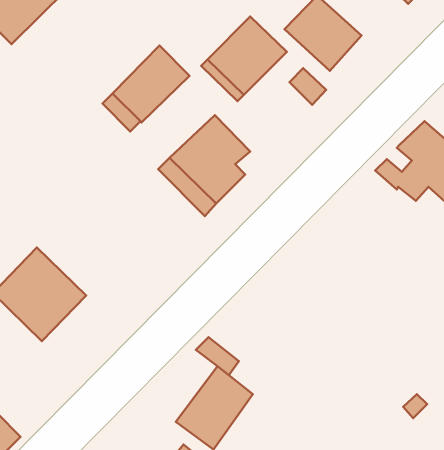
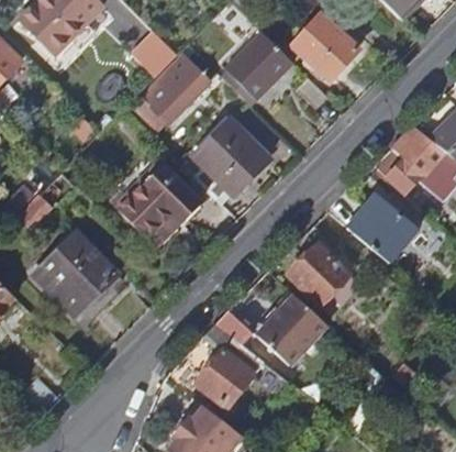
building: none -> [130,32,177,79]
building: none -> [111,161,200,250]
building: none -> [346,198,418,263]
building: none -> [288,243,351,304]
building: none -> [257,296,327,362]

